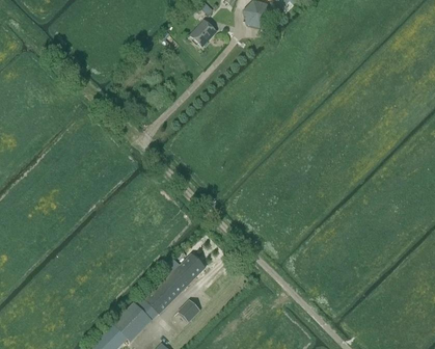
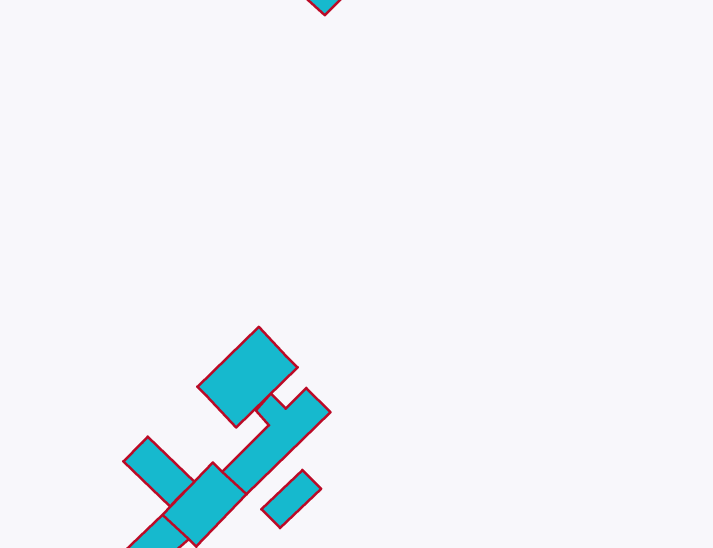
building: none -> [197,327,298,427]
building: none -> [123,437,194,506]

